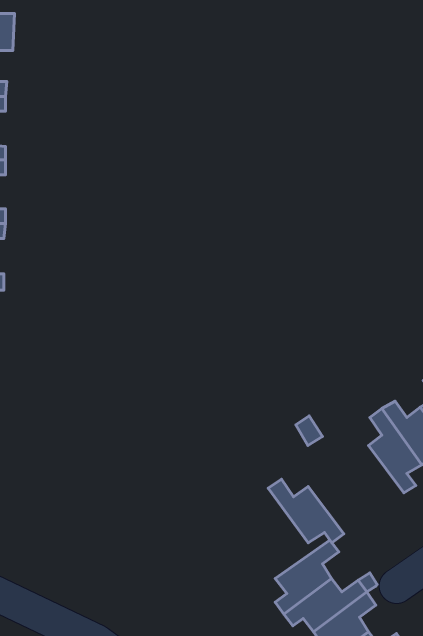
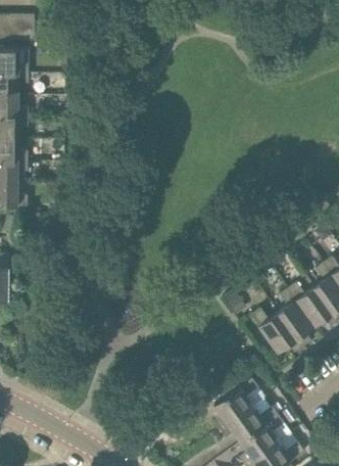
building: [268,479,344,543] -> [250,309,302,353]

